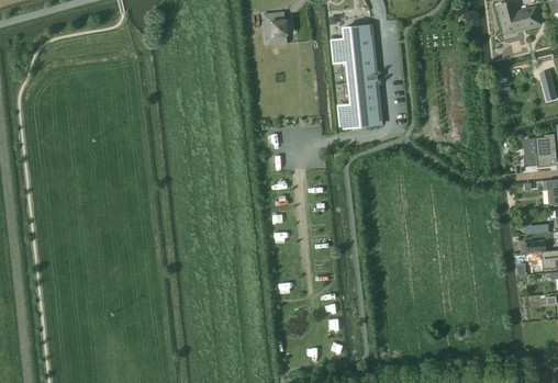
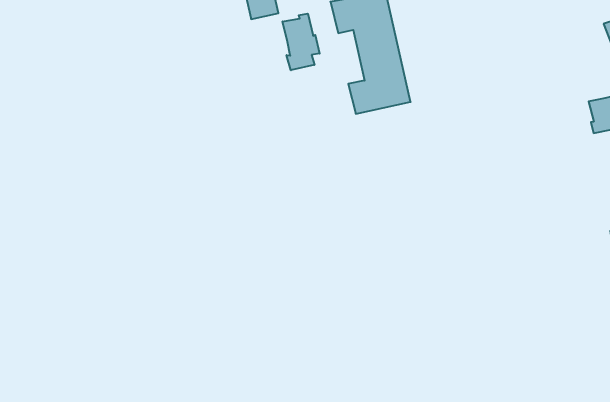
building: none -> [283,14,320,70]

